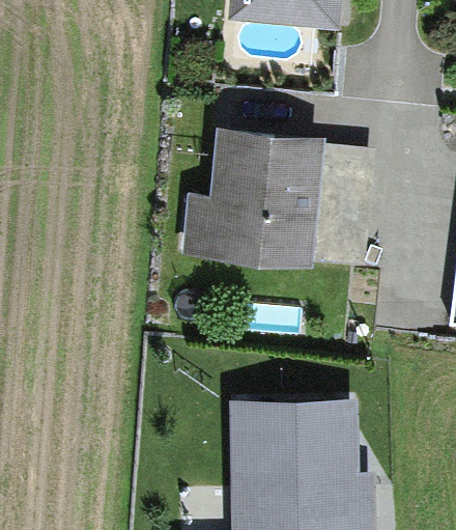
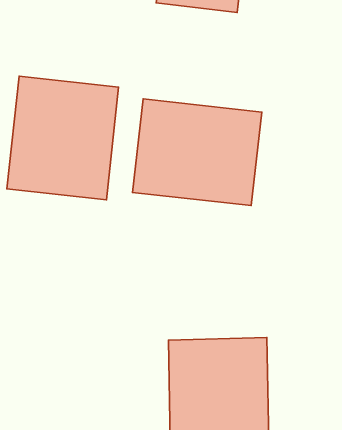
building: none -> [7,76,119,200]

